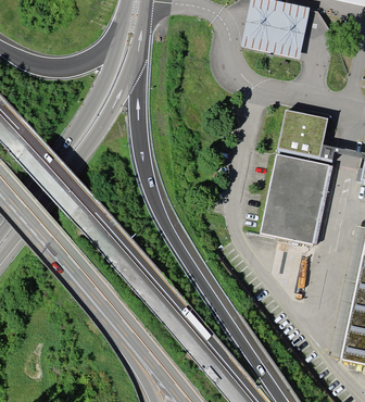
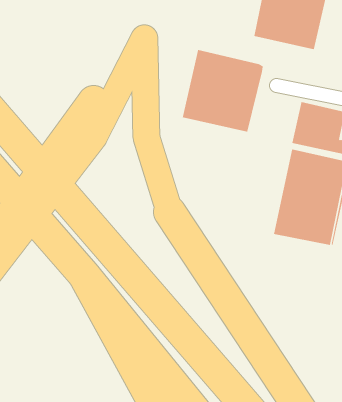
building: none -> [182,49,263,133]

